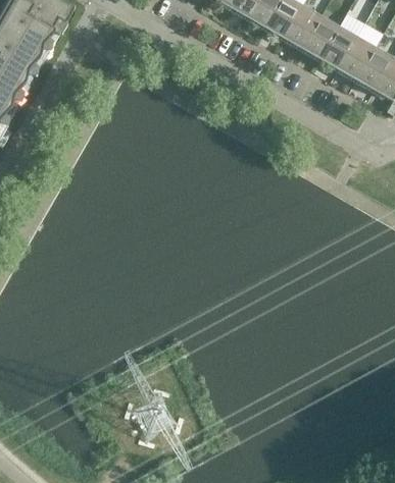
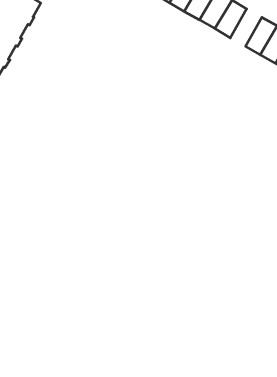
building: [300,13,338,58] -> none

